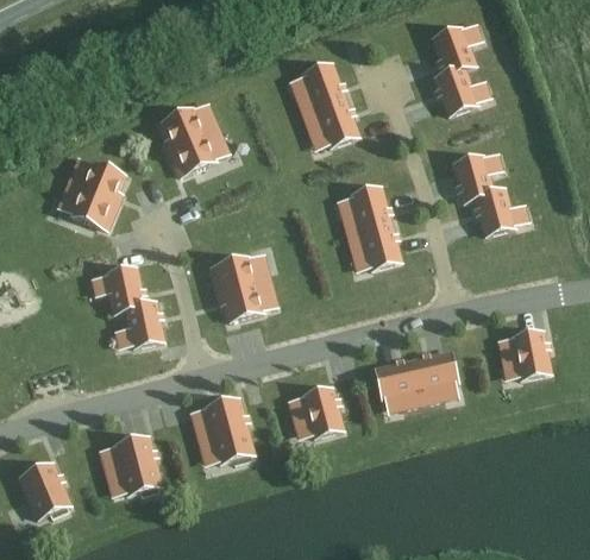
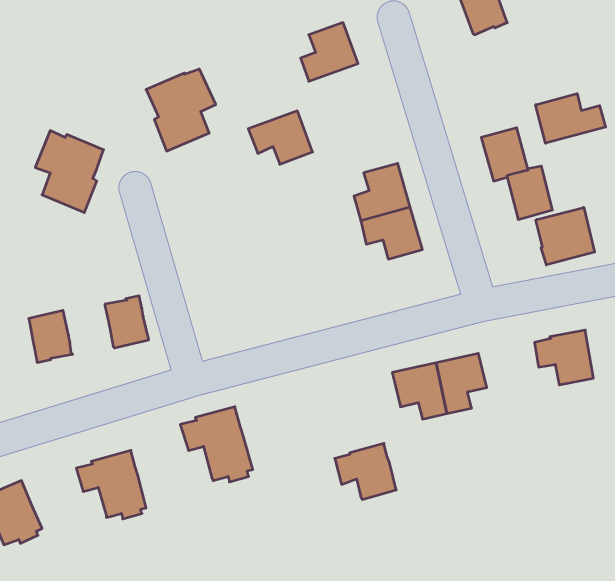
building: [433,67,476,114] -> none
building: [301,99,357,145] -> [248,111,313,164]
building: none -> [536,94,606,143]
building: none -> [536,207,595,265]
building: [208,256,275,320] -> none
building: [105,266,143,312] -> [29,310,73,362]
building: [288,388,341,436] -> [335,443,396,499]

